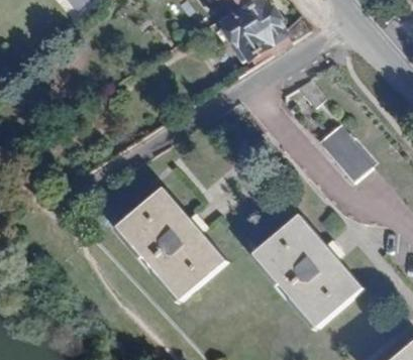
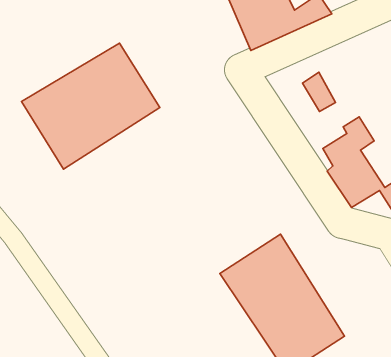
building: none -> [22,43,160,169]
building: [118,186,227,299] -> none

